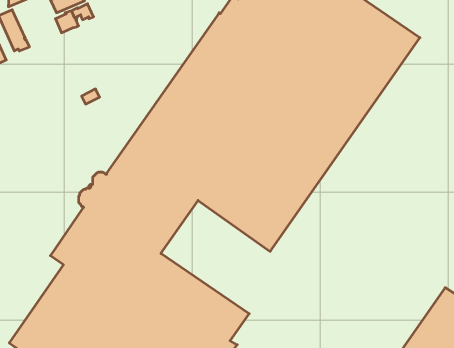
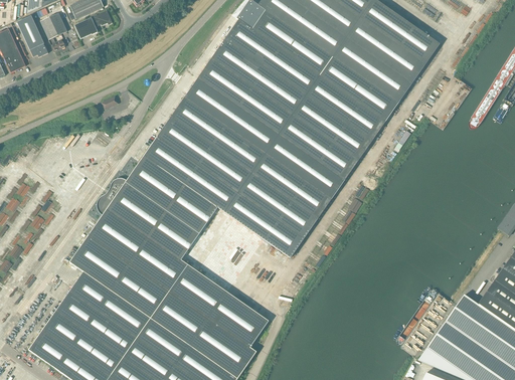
building: none -> [40,12,67,51]

